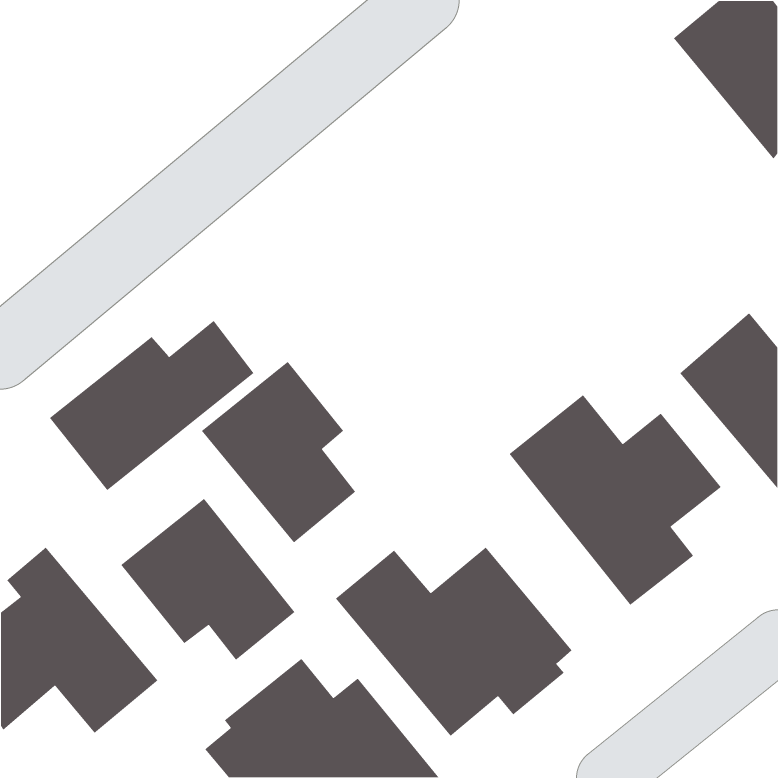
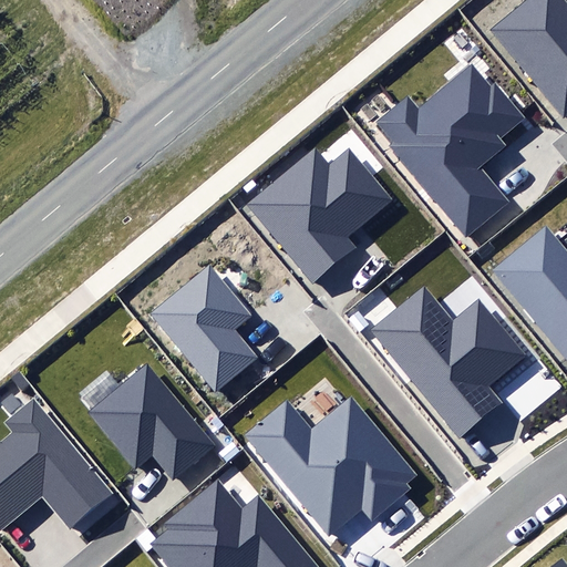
building: none -> [378,74,524,241]
building: none -> [245,145,393,282]
building: [49,320,255,491] -> none

